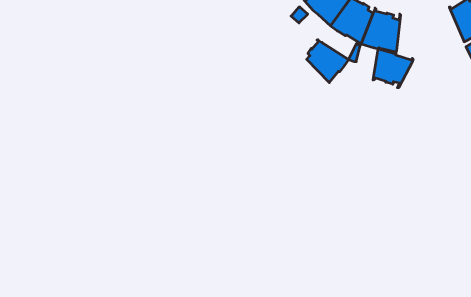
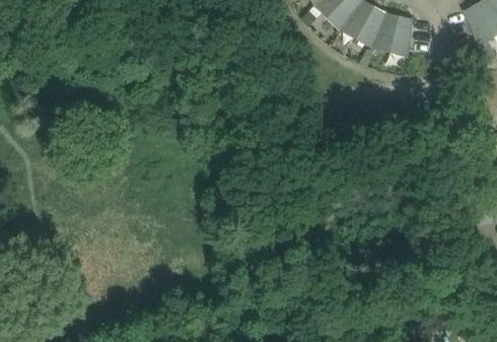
building: [307,40,348,83] -> none
building: [373,49,413,88] -> none

